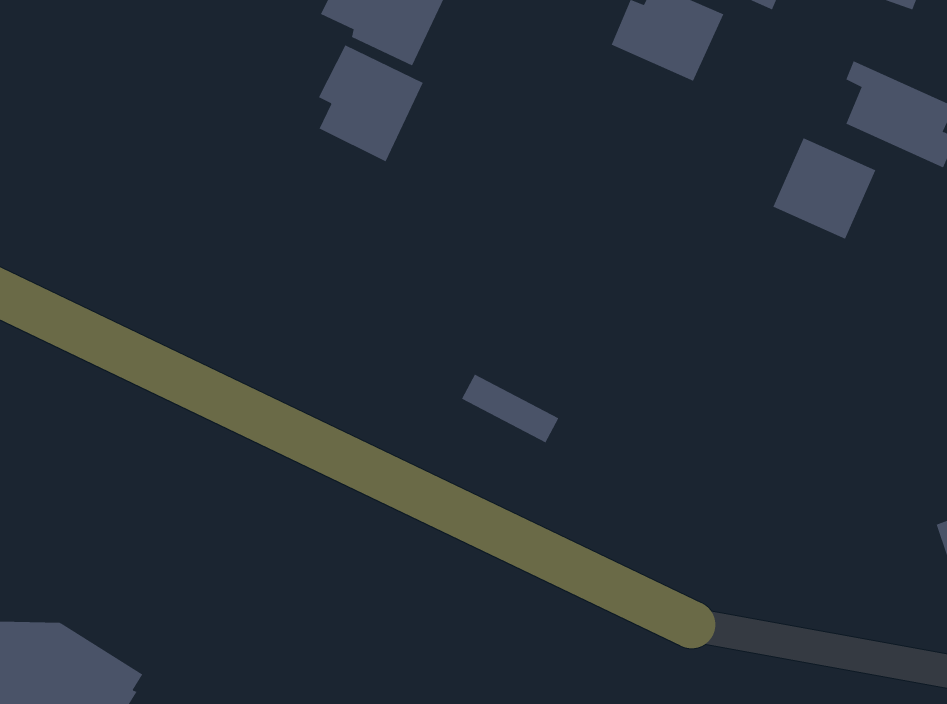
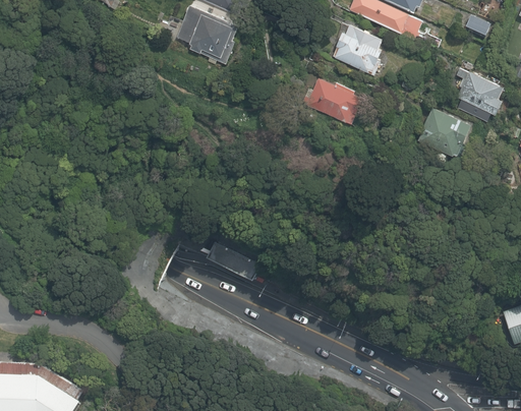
building: [318,44,423,162] -> none
building: none -> [298,76,364,125]
building: [461,374,559,443] -> [207,242,258,279]

